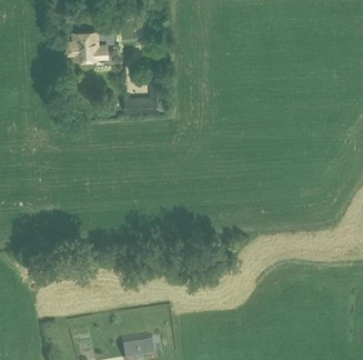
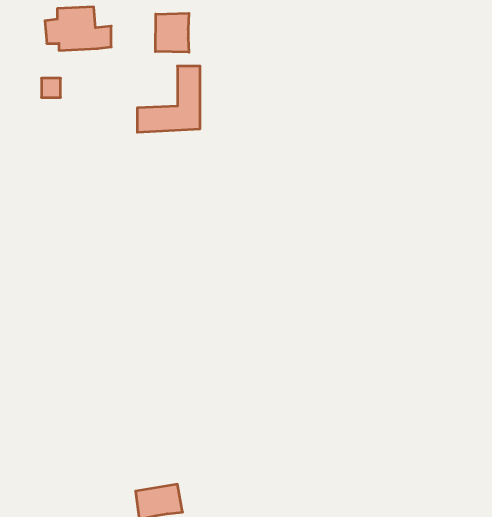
building: none -> [155,13,189,52]

